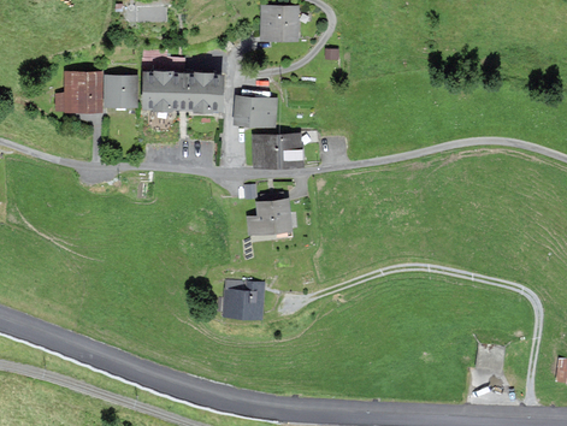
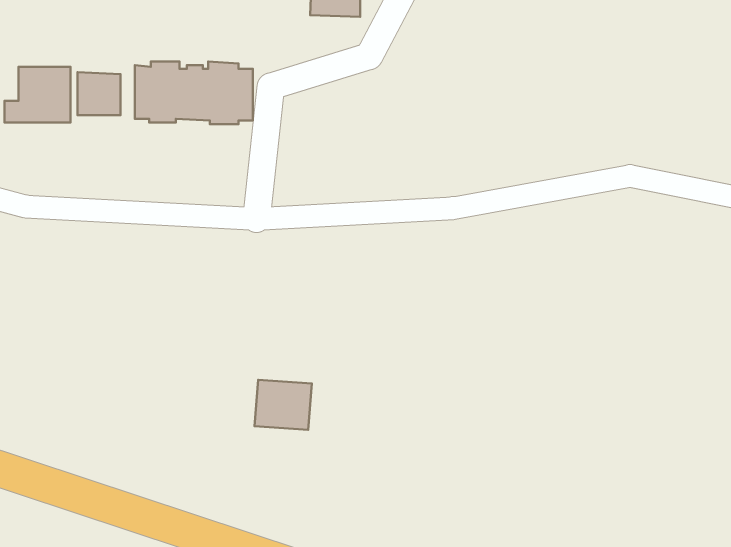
building: [235,97,276,128] -> none
building: [255,135,301,167] -> none
building: [249,201,290,235] -> none

